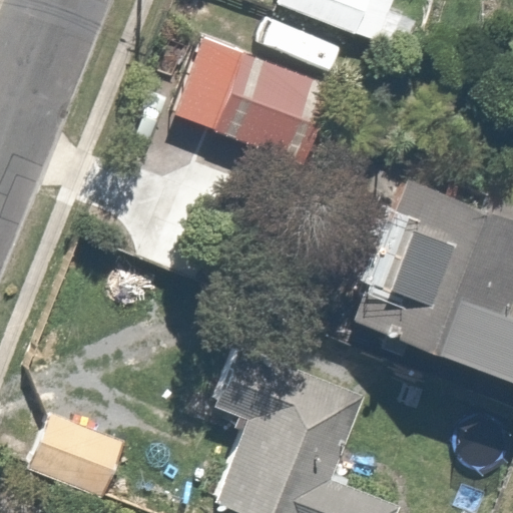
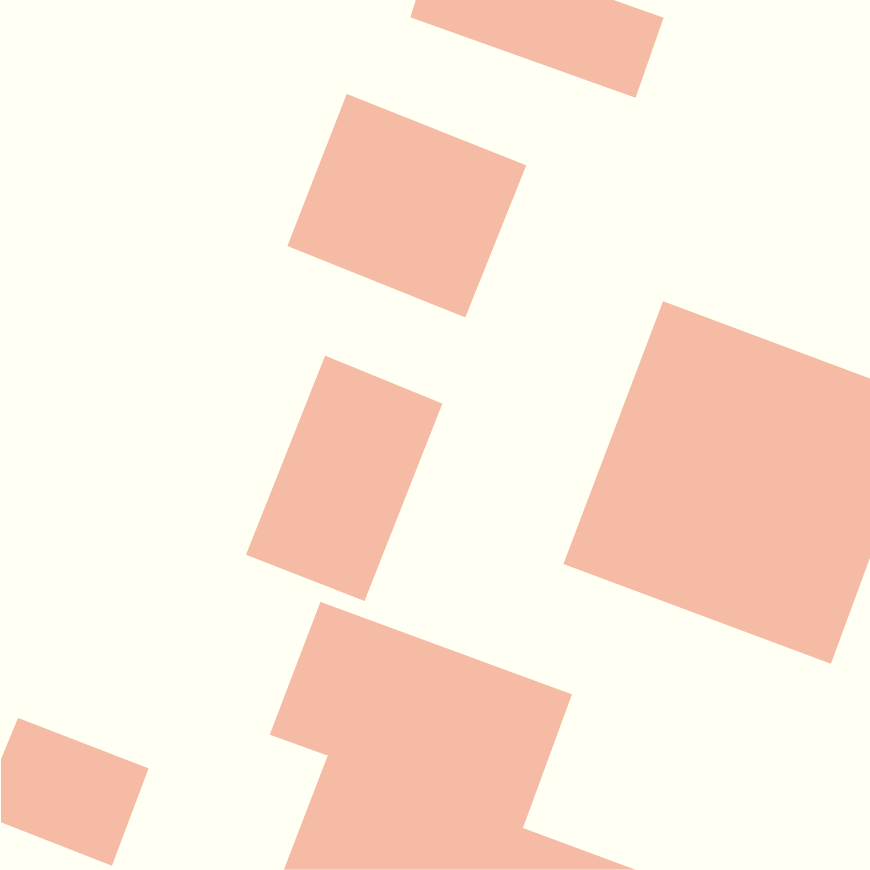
building: none -> [245,355,443,602]

